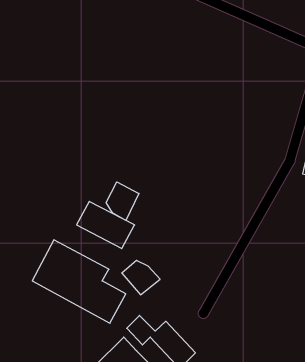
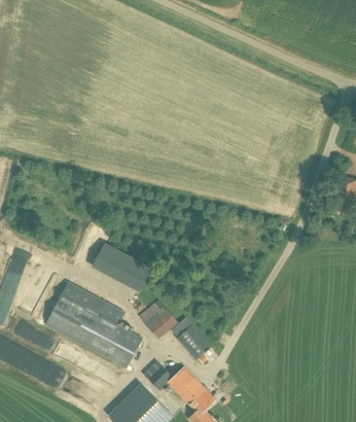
building: [106,182,139,220] -> none
building: none -> [170,319,212,359]

